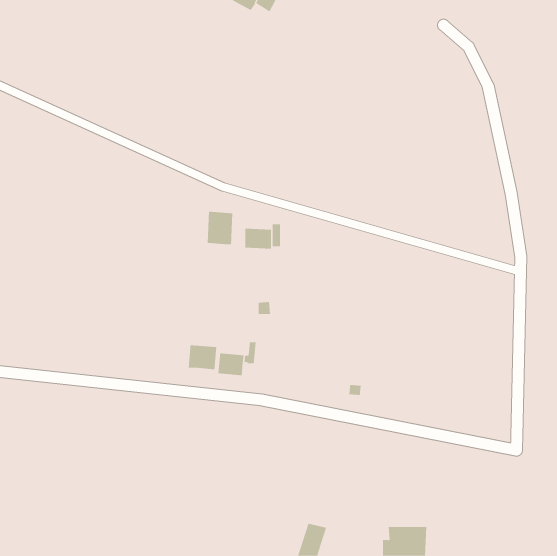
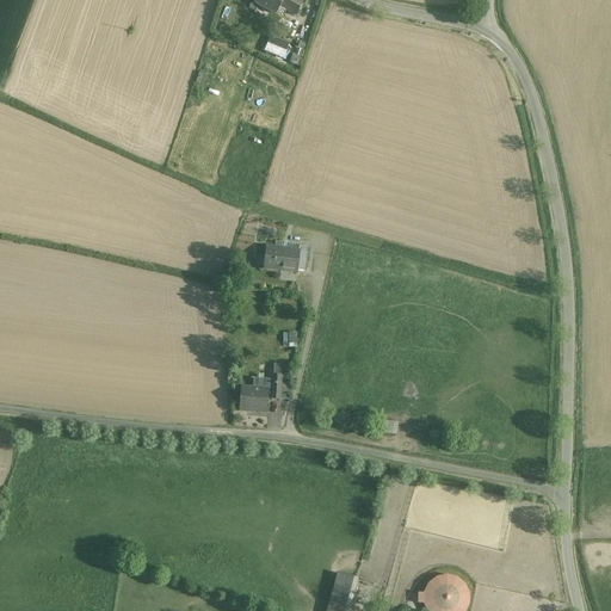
building: [207,211,233,245] -> none
building: [188,345,217,370] -> none

